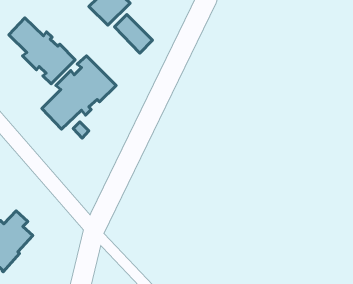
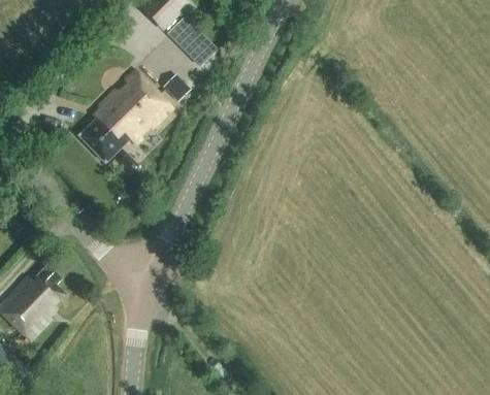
building: [9,18,75,84] -> none

